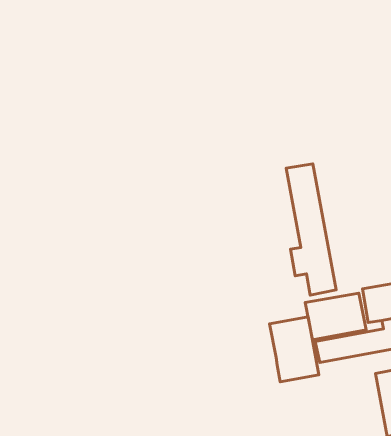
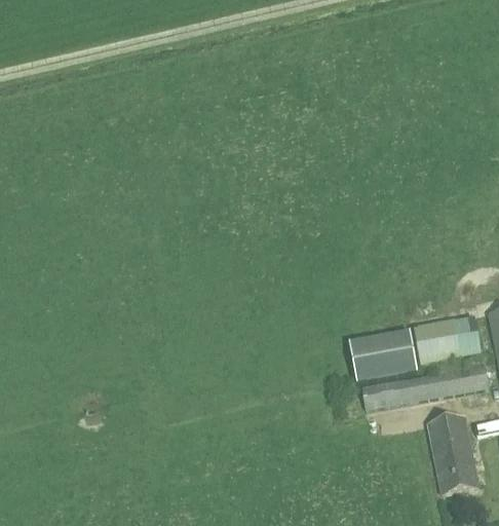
building: [286,164,336,295] -> none
building: [269,317,319,382] -> none

